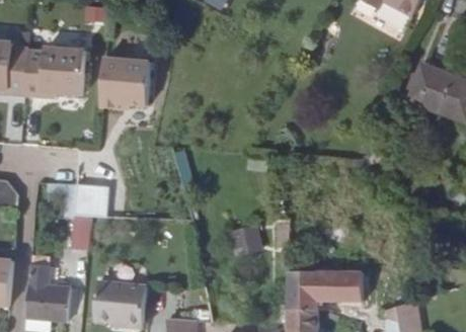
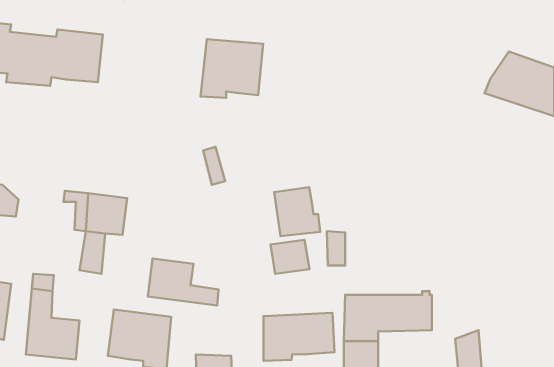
building: [101,61,153,109] -> [201,39,263,98]
building: none -> [274,187,320,236]
building: none -> [148,258,219,306]
building: none -> [264,313,335,361]

